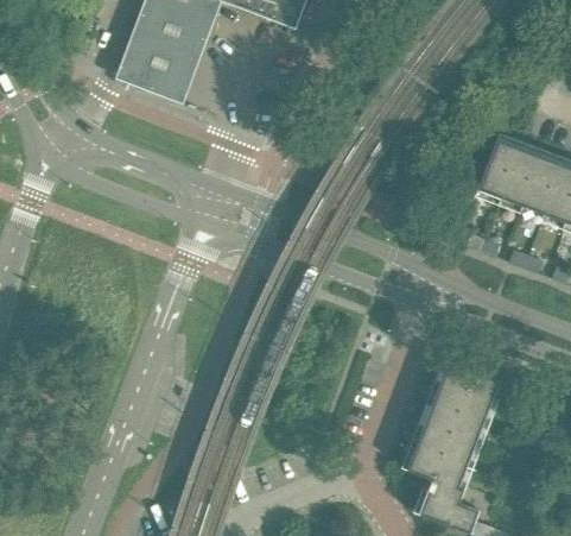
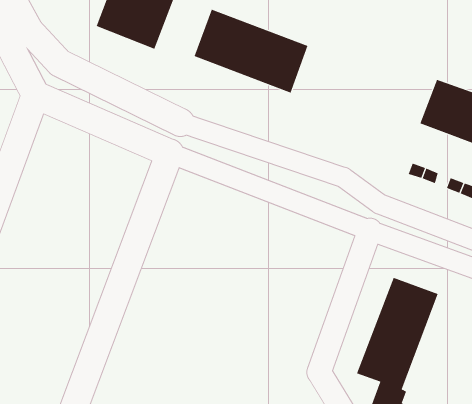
building: none -> [194,9,308,94]

